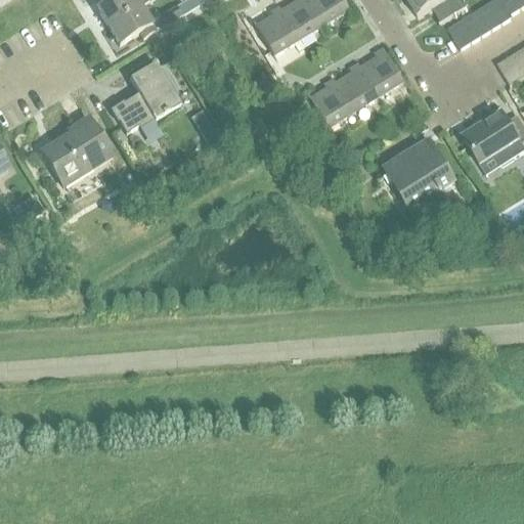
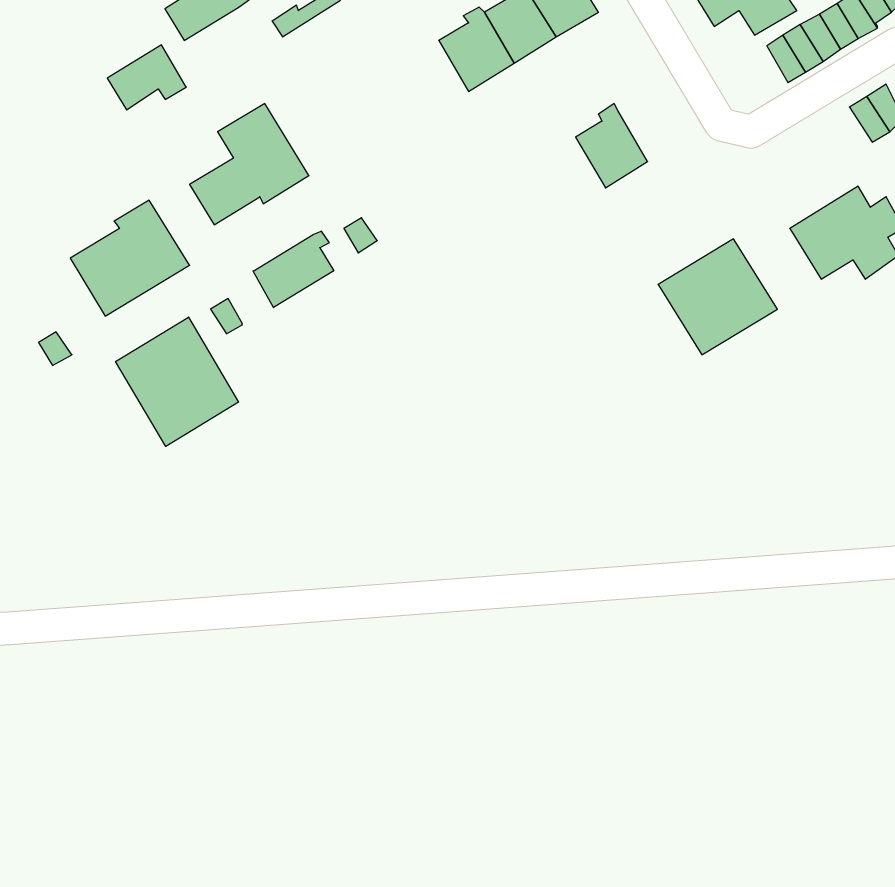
building: [108,4,155,42] -> [107,45,186,110]
building: [361,45,404,94] -> none
building: [311,76,354,125] -> none
building: none -> [253,231,334,308]
building: none -> [116,317,239,446]

